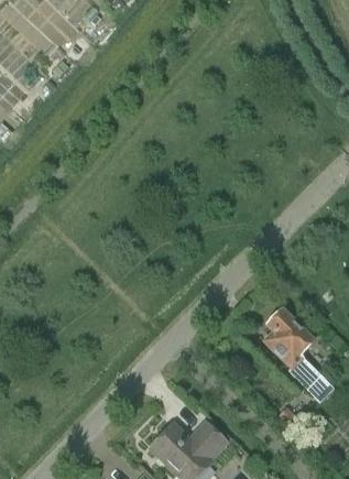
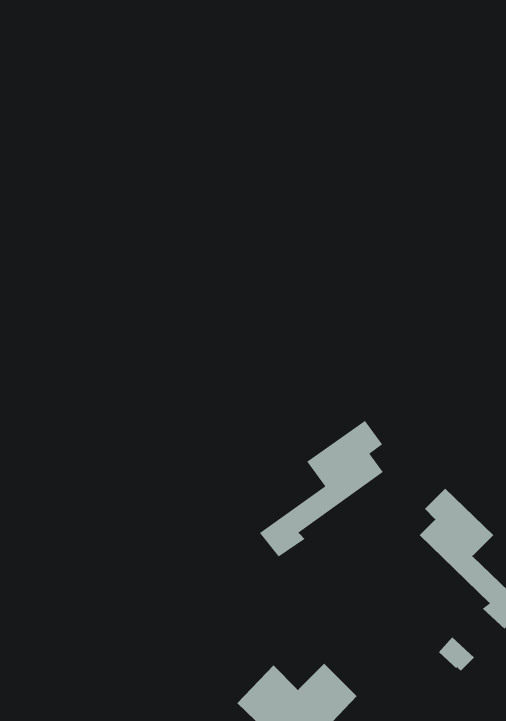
building: none -> [259,420,384,558]

